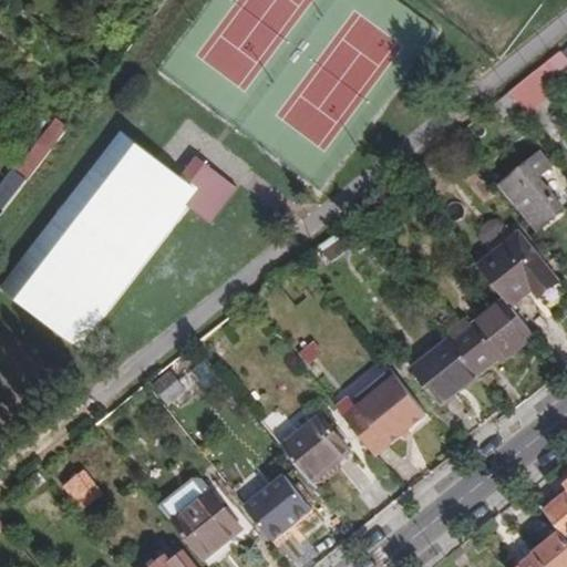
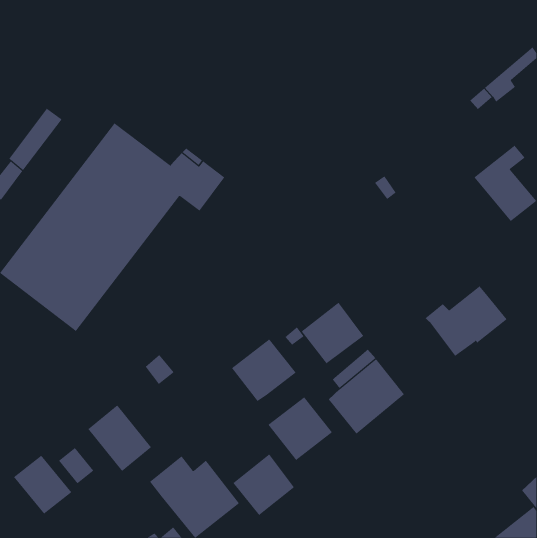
building: [477,234,556,306] -> none
building: [410,338,476,403] -> [301,302,364,364]
building: none -> [231,339,296,402]
building: none -> [88,405,152,472]
building: none -> [13,455,72,515]

